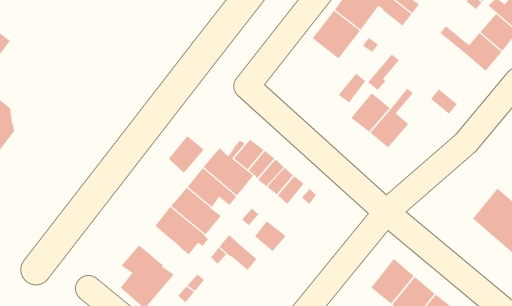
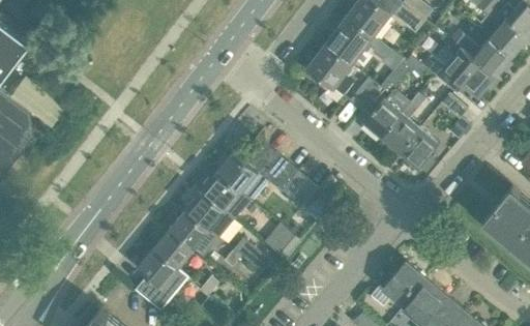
building: none -> [422,39,496,97]
building: none -> [306,45,354,96]
building: none -> [400,129,439,169]
building: [168,135,204,173] -> none
building: none -> [153,230,194,269]

